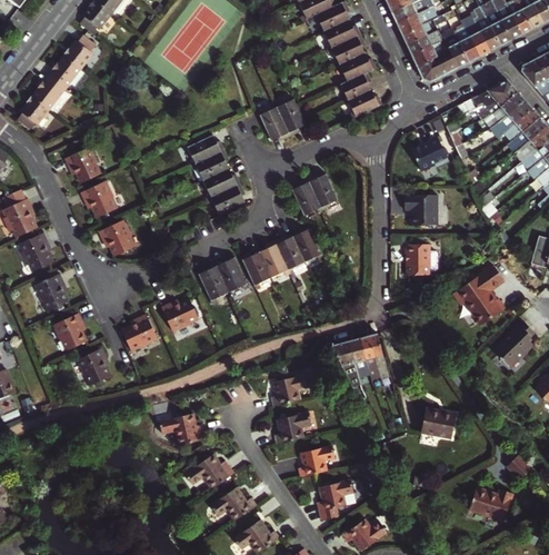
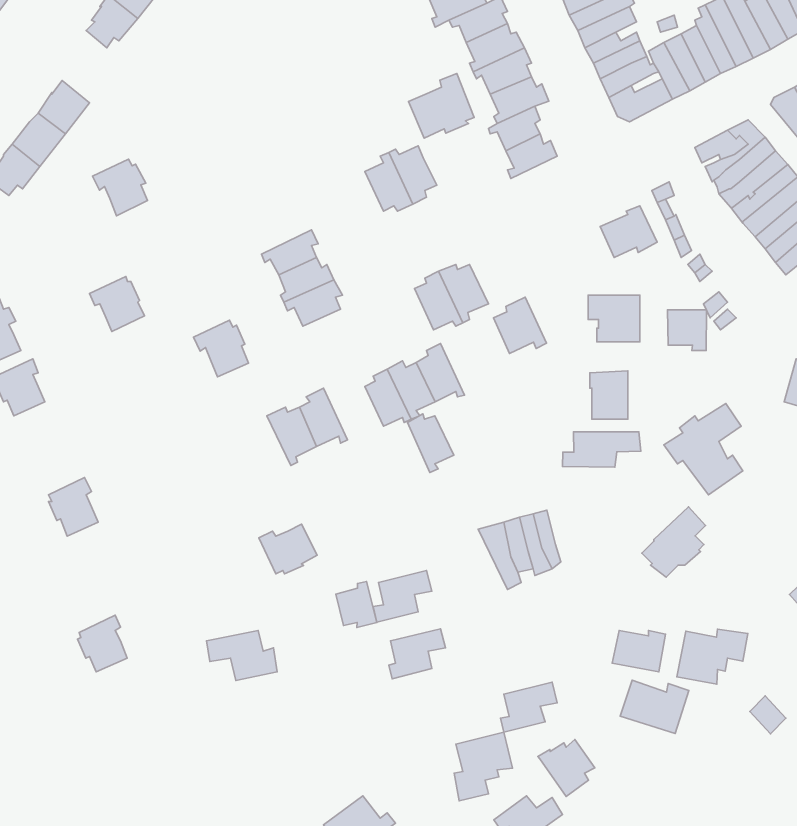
building: [63,37,94,70] -> none
building: none -> [408,74,474,138]
building: [188,137,224,168] -> none
building: [64,148,100,185] -> [93,159,148,216]
building: none -> [494,297,547,354]
building: none -> [667,310,706,351]
building: [98,220,133,257] -> [193,320,248,377]
building: [241,252,271,290] -> [407,414,454,472]
building: [36,275,68,311] -> none
building: none -> [563,432,641,467]
building: [160,299,198,331] -> [259,524,317,574]
building: [121,315,157,351] -> none
building: [492,320,533,366] -> [642,507,706,577]
building: [78,348,110,385] -> [77,615,127,672]
building: none -> [336,581,377,628]
building: none -> [677,629,748,684]
building: [297,443,333,475] -> [501,682,557,732]
building: [182,453,232,488] -> none
building: none -> [538,739,595,797]
building: [208,485,254,519] -> none
building: [467,488,511,523] -> [620,680,689,733]

